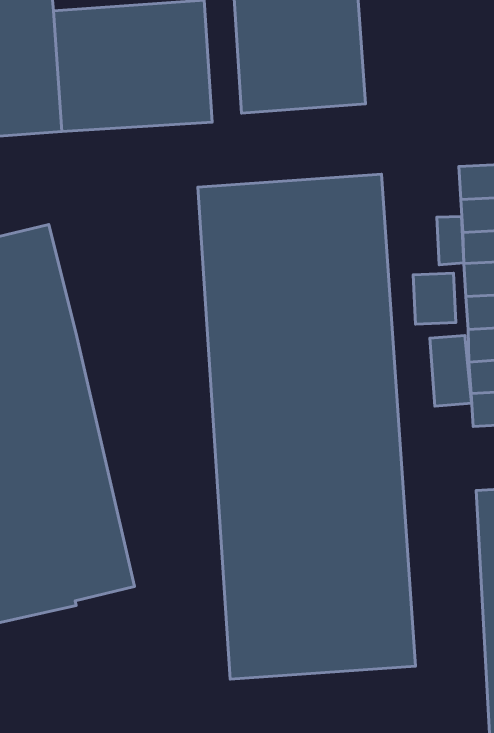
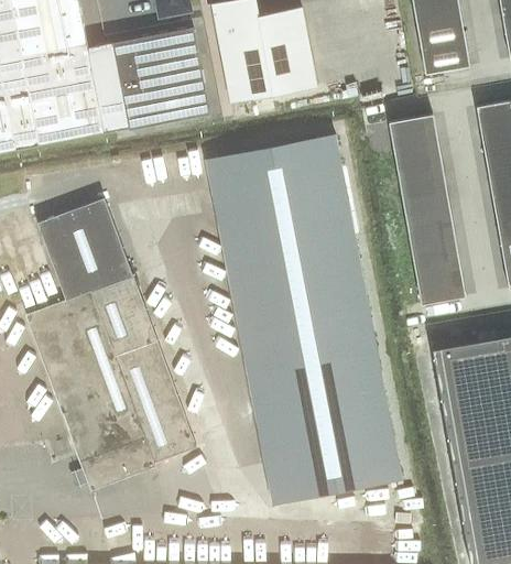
building: [437,216,464,265] -> none
building: [413,273,456,324] -> none
building: [430,336,472,406] -> none

